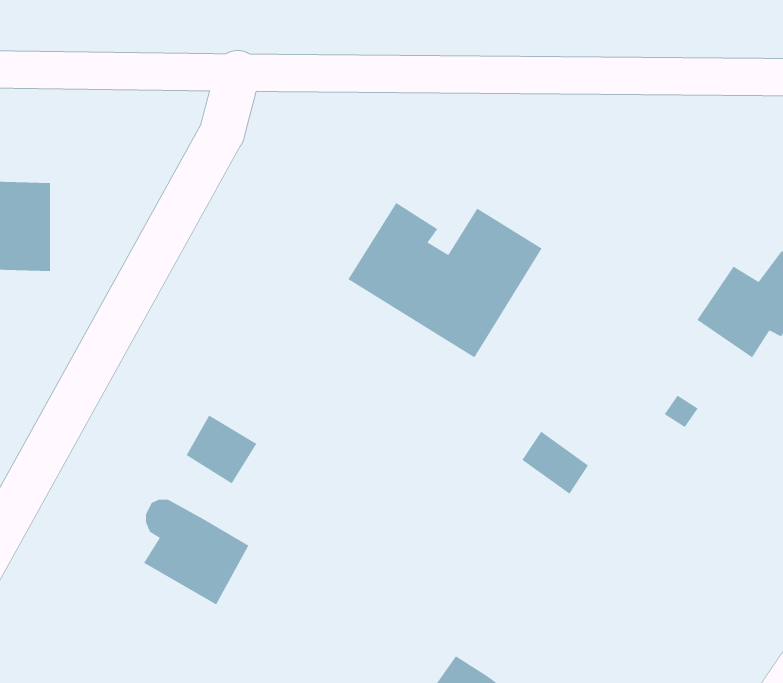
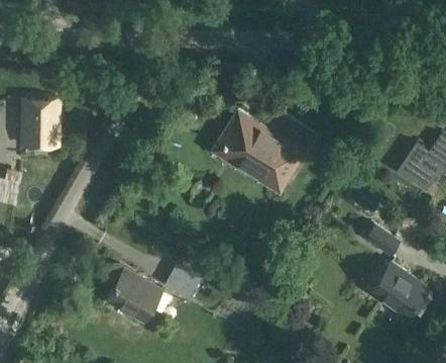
building: [186,415,257,484] -> [164,264,202,300]
building: [521,431,589,495] -> [365,224,401,258]
building: none -> [371,264,428,317]

